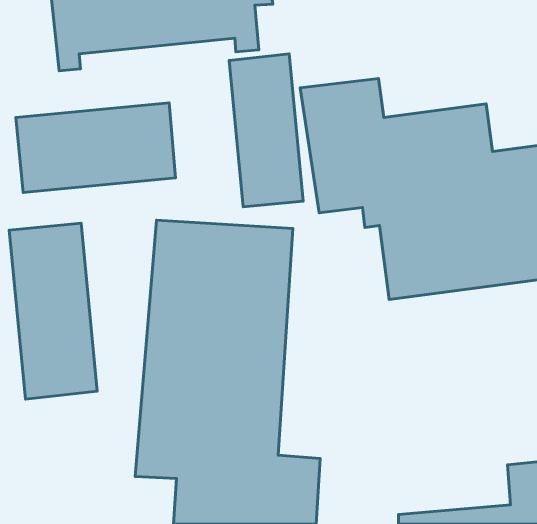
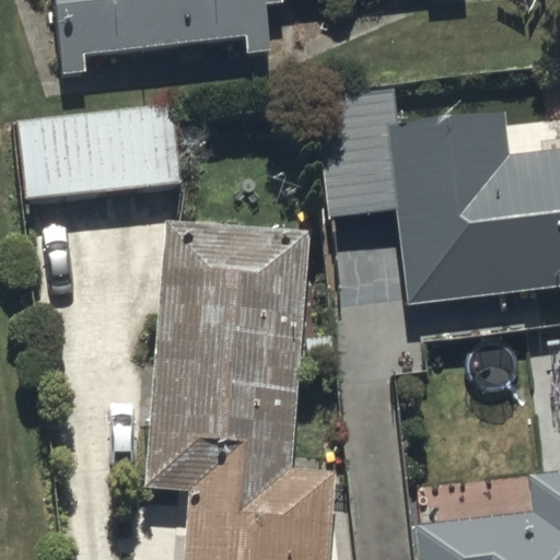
building: [229,54,303,207] -> none
building: [9,223,97,399] -> none

